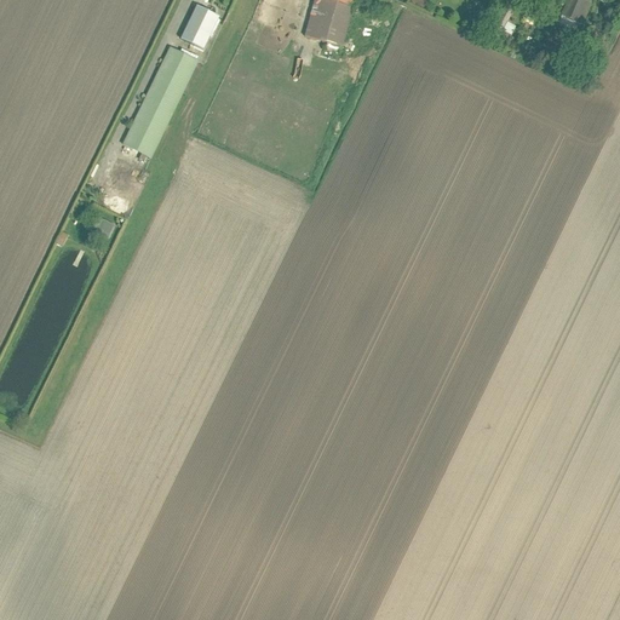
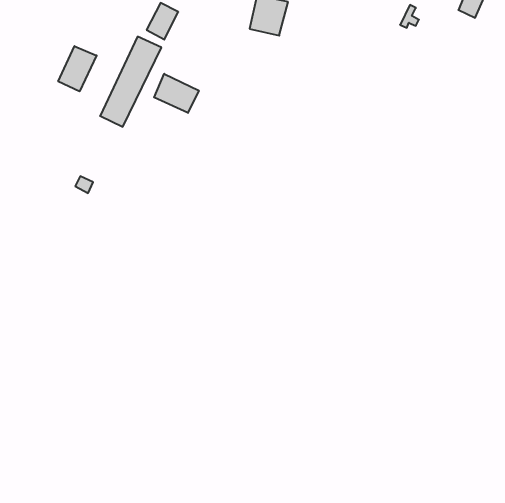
building: none -> [58,46,97,91]
building: none -> [154,74,199,113]

